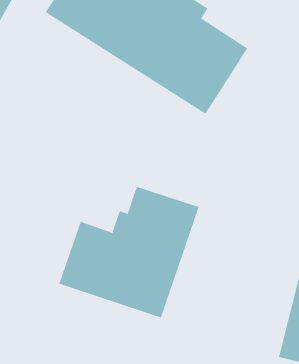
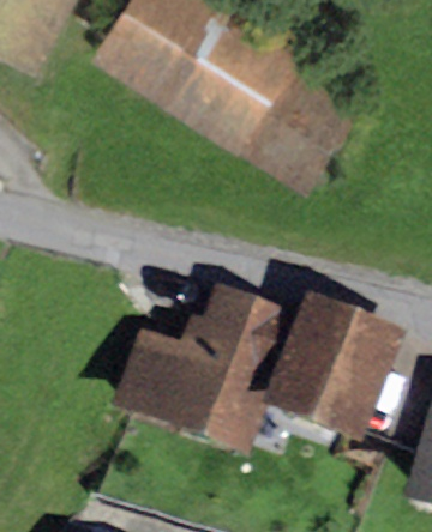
building: none -> [262,295,400,449]

